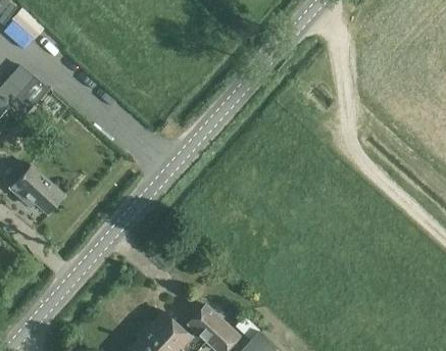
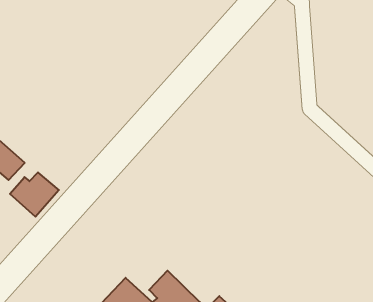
building: none -> [10,172,59,217]

